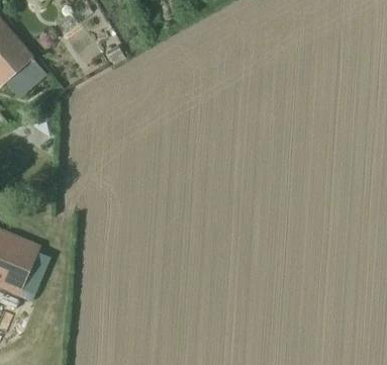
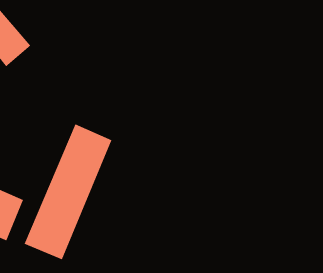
building: none -> [24,123,112,260]

